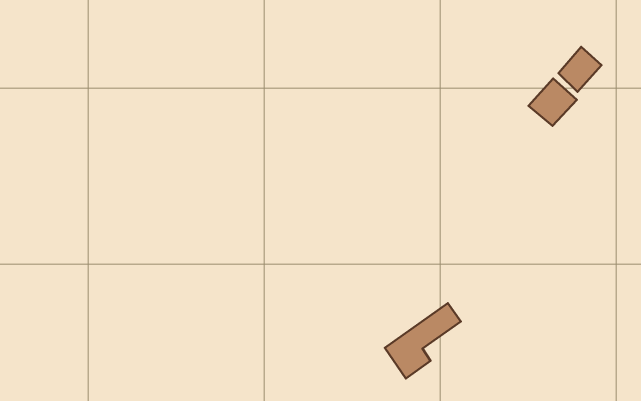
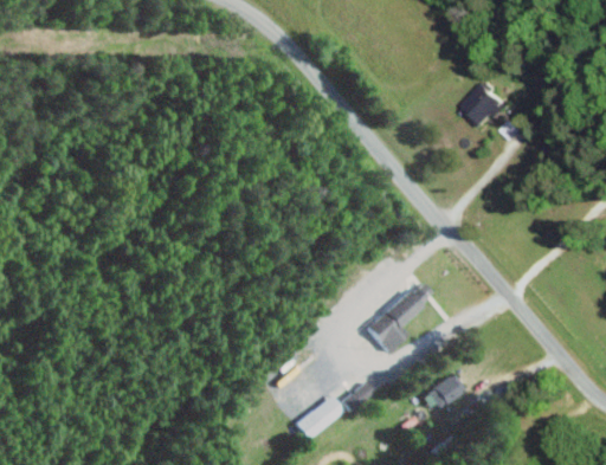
building: [558,47,602,92] -> none

